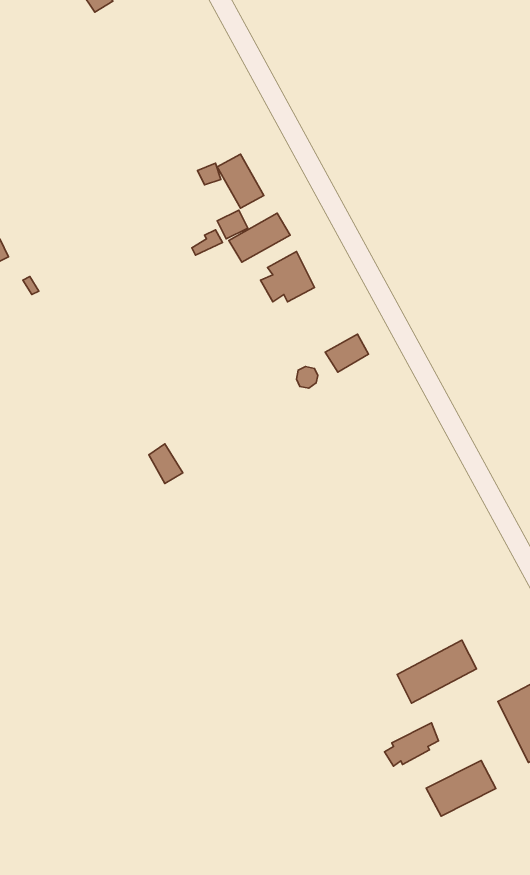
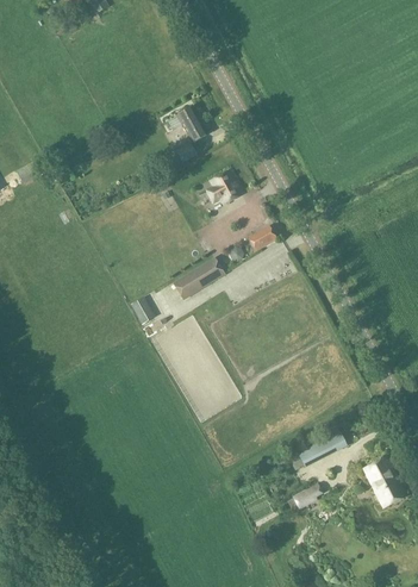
building: [229,213,290,262] -> none
building: none -> [174,255,225,296]
building: [426,761,496,816] -> none

